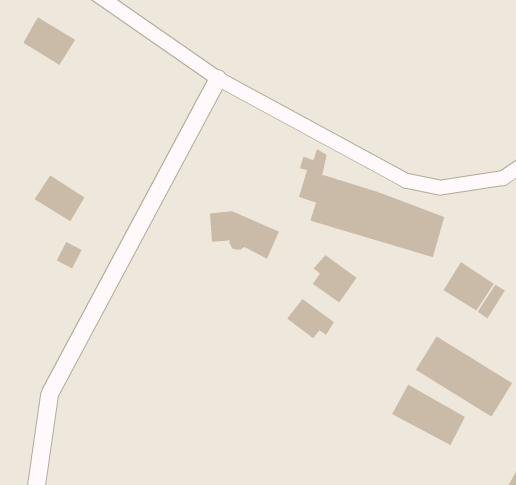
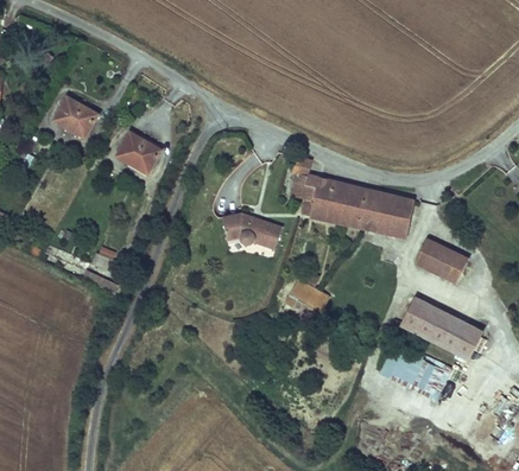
building: [23,17,76,66] -> [50,100,94,139]
building: [34,175,86,222] -> [118,136,160,174]
building: [312,254,357,304] -> none

